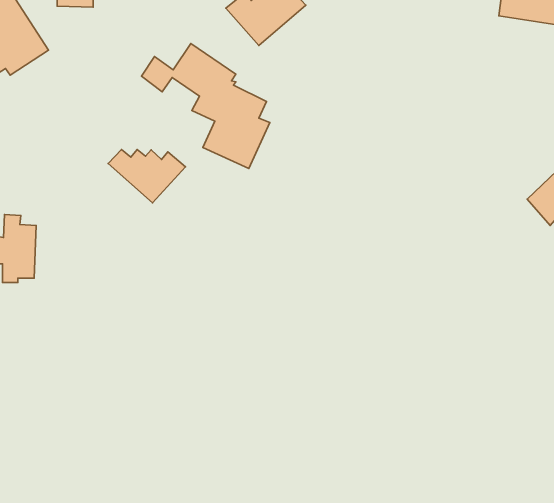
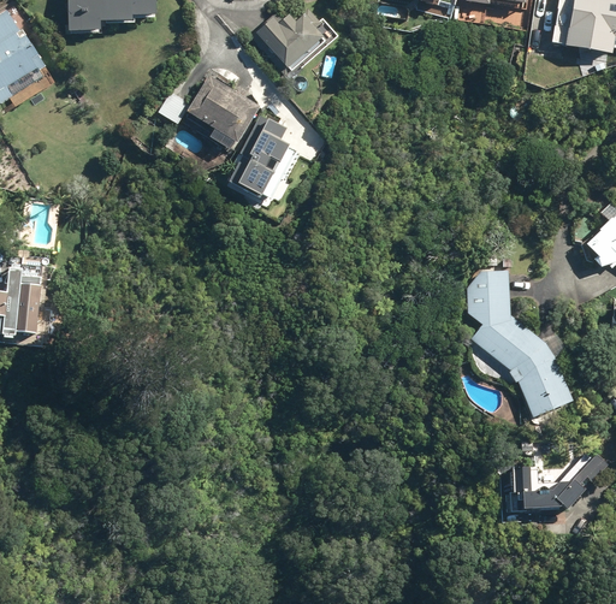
building: [108,150,185,203] -> none
building: none -> [466,267,576,416]
building: none -> [508,451,604,508]

